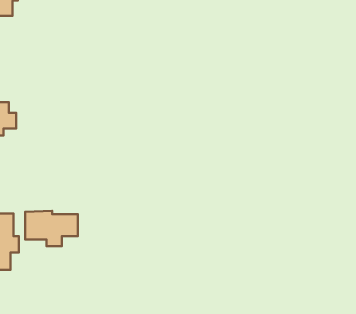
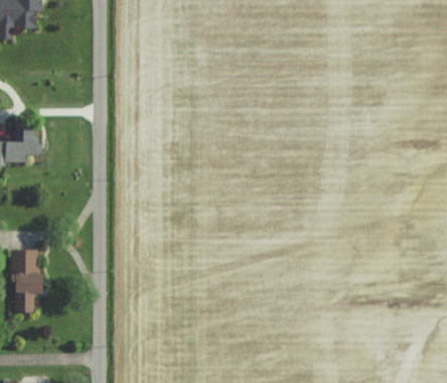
building: [25,211,78,246] -> none

